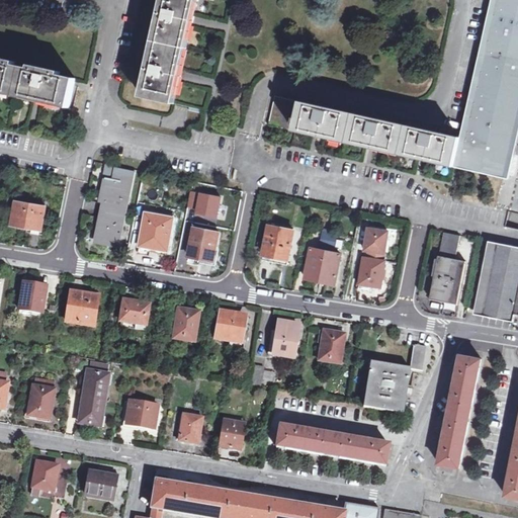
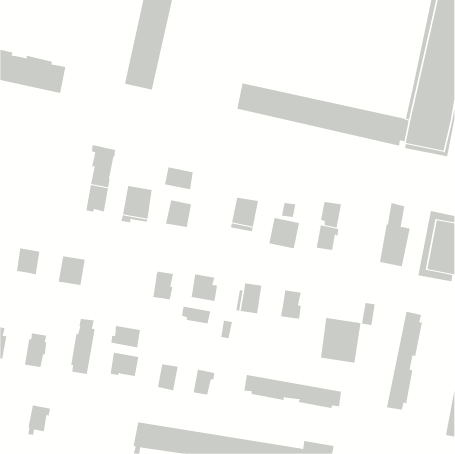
building: [11,200,45,228] -> none
building: [119,297,150,329] -> none
building: none -> [181,306,211,324]
building: none -> [111,325,140,348]
building: [85,471,113,499] -> none

